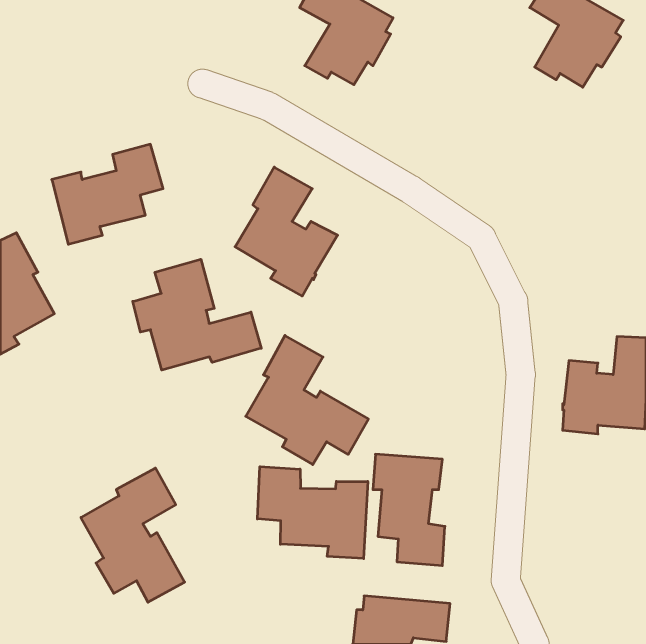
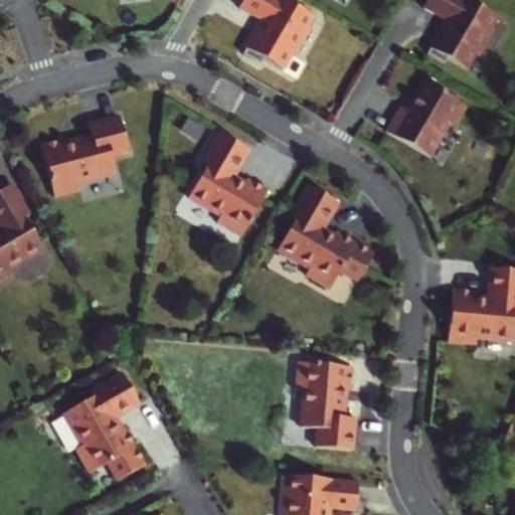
building: none -> [385,78,468,155]
building: [133,259,261,370] -> none
building: [246,335,368,465] -> [277,184,374,287]
building: [257,467,368,559] -> none

